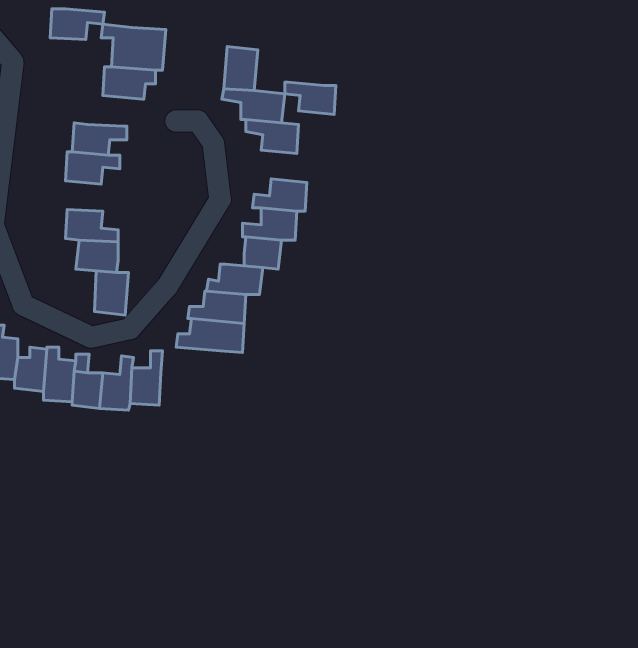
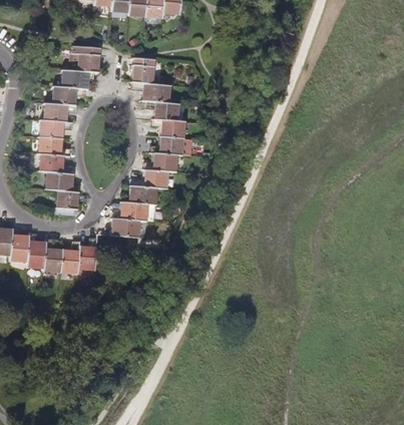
building: [50,9,105,40] -> [53,87,85,105]
building: [285,82,336,114] -> [153,119,183,138]
building: none -> [38,137,70,156]

